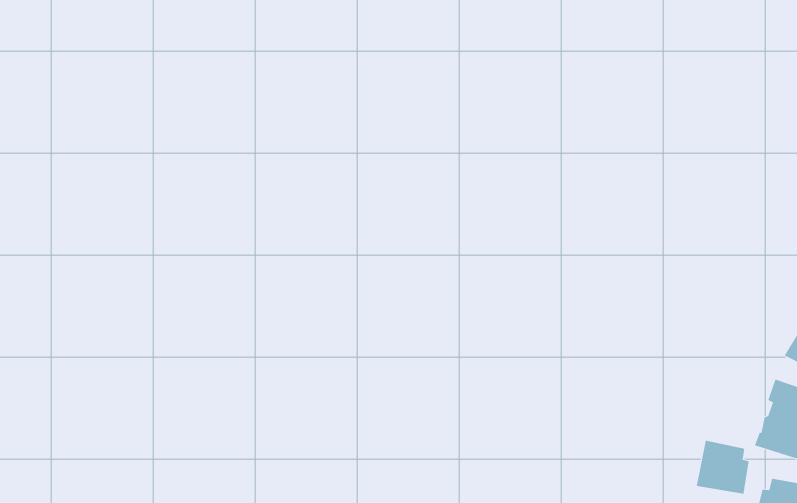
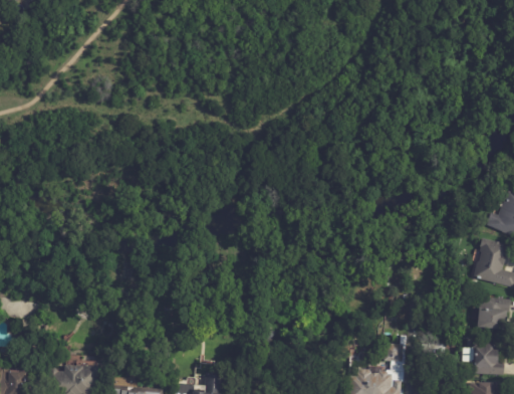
building: [696,440,749,494] -> none

